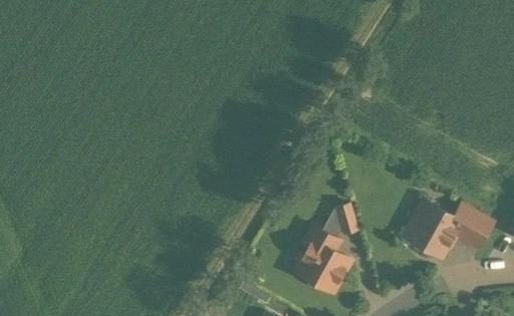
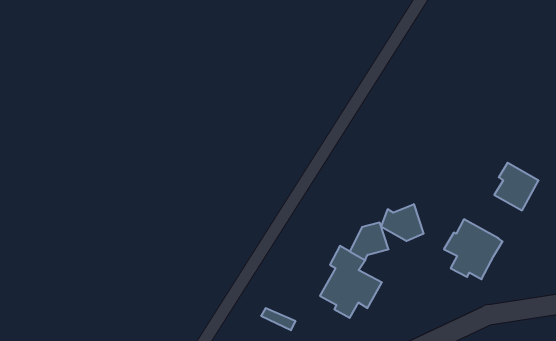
building: none -> [381,204,424,241]
building: [453,207,493,250] -> [494,163,539,210]

